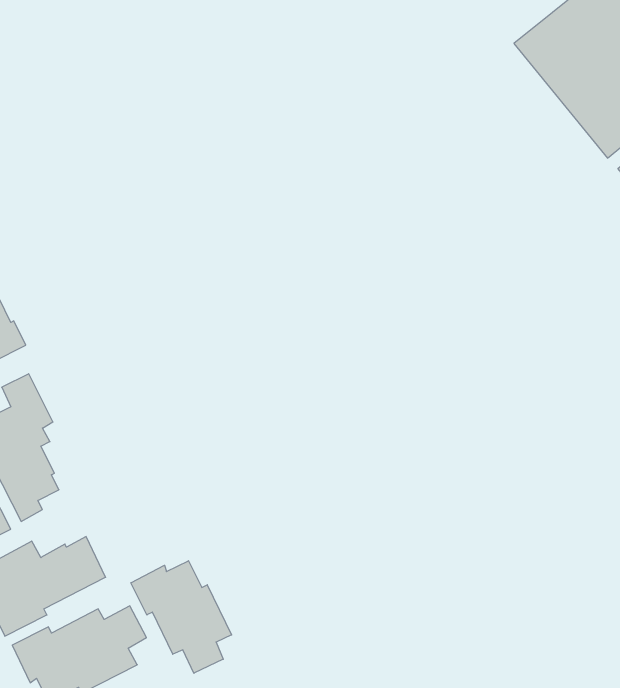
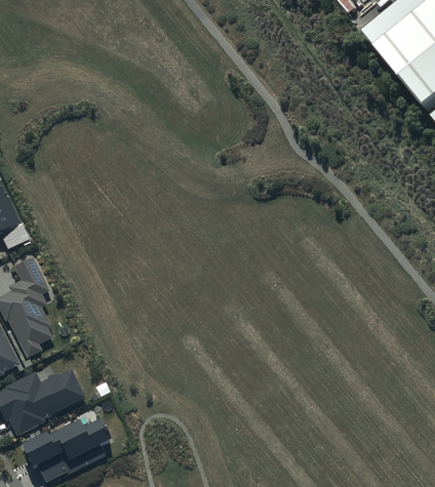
building: [131,561,232,673] -> none

